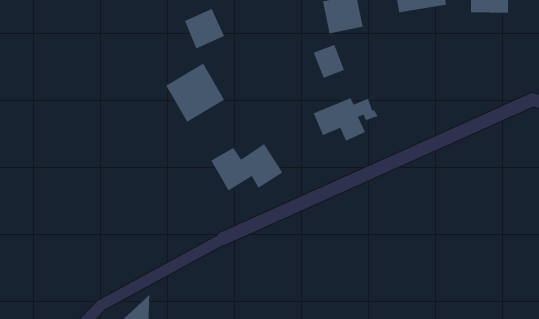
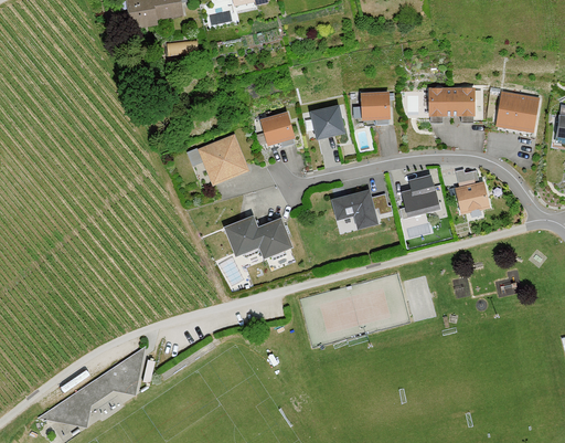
building: [184,8,225,49] -> [258,110,295,147]
building: [313,44,345,79] -> [311,106,339,137]
building: none -> [455,180,489,212]
building: none -> [399,183,440,218]

